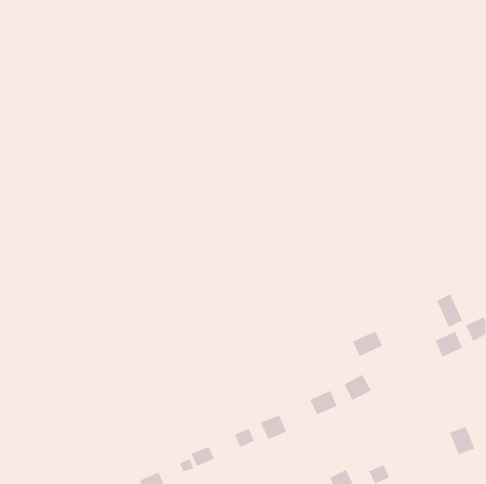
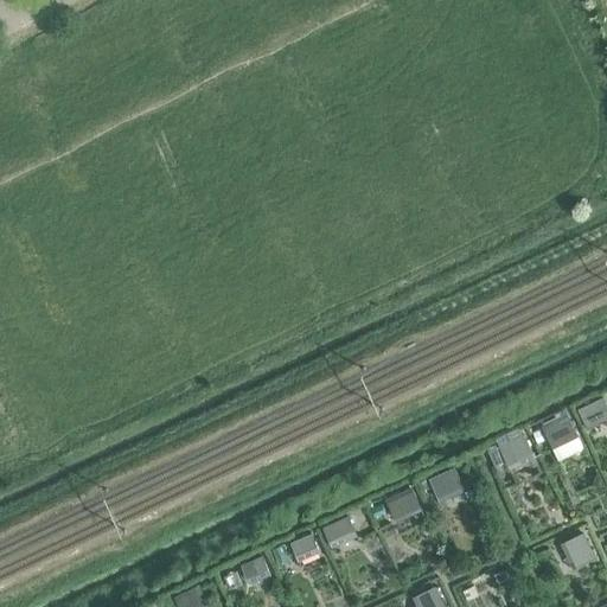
building: [436,293,463,328] -> none
building: [352,331,383,357] -> [496,435,535,468]

